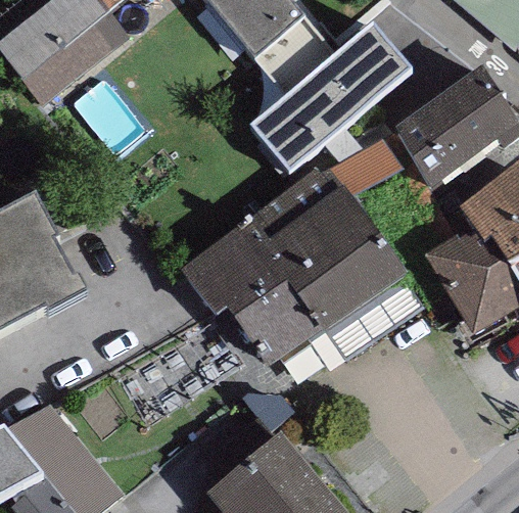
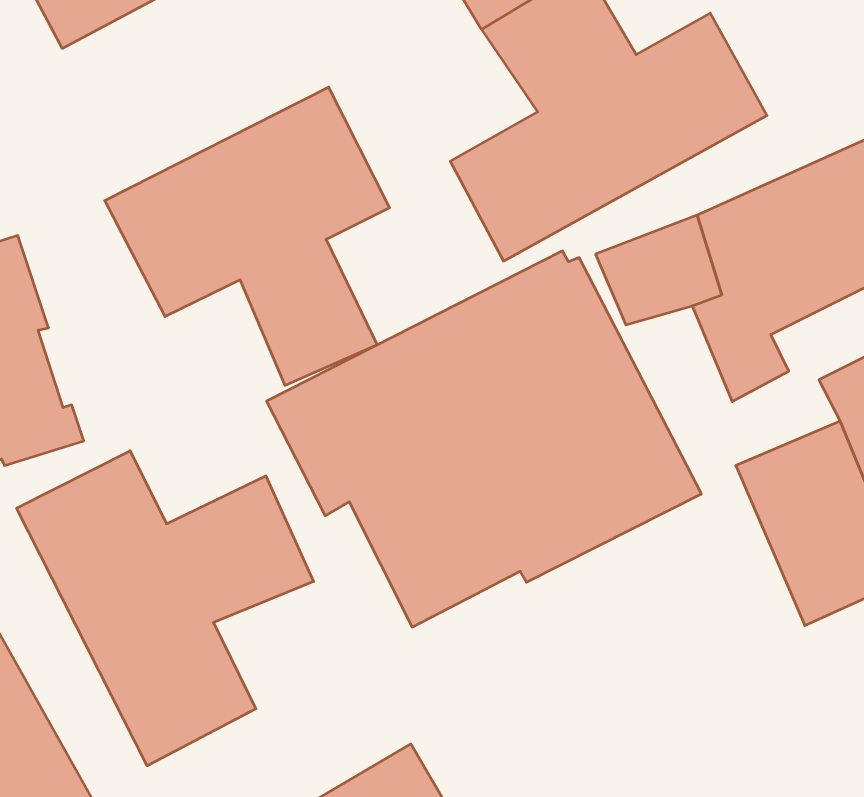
building: none -> [105,87,390,385]
building: none -> [17,451,314,766]

